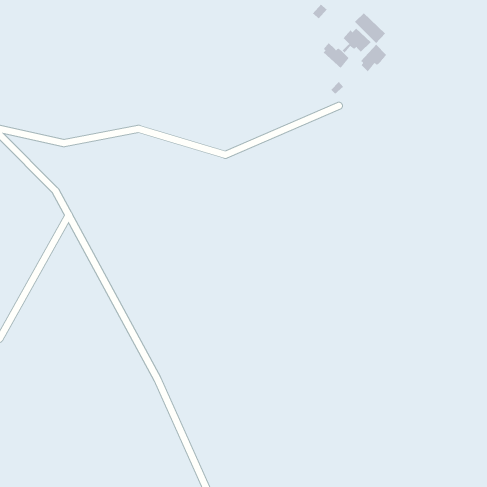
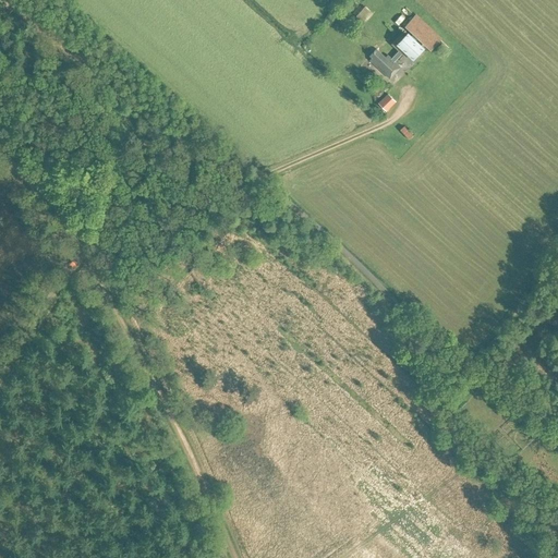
building: [360,44,387,72] -> none

